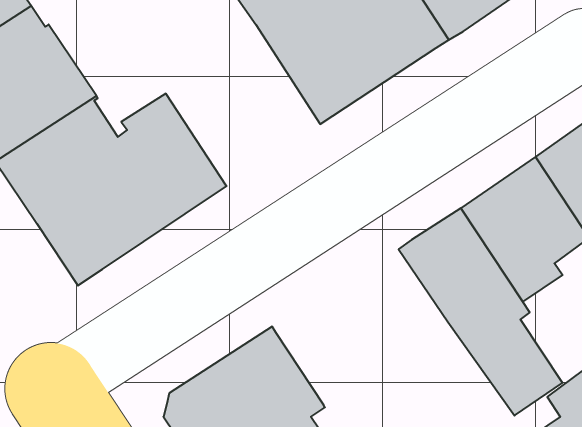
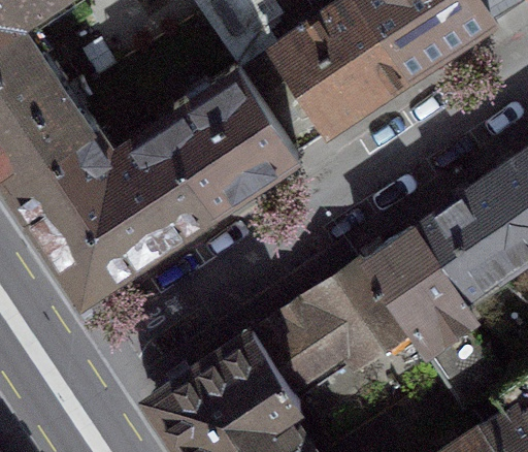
building: none -> [159,63,295,205]
building: none -> [256,261,407,398]

